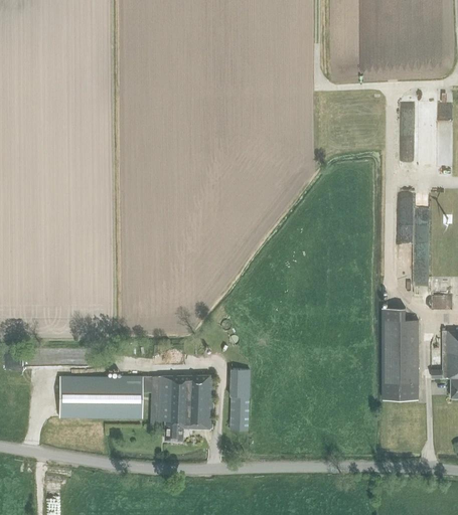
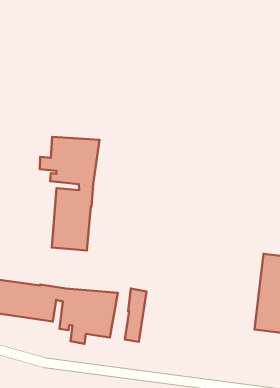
building: none -> [40,137,100,250]

